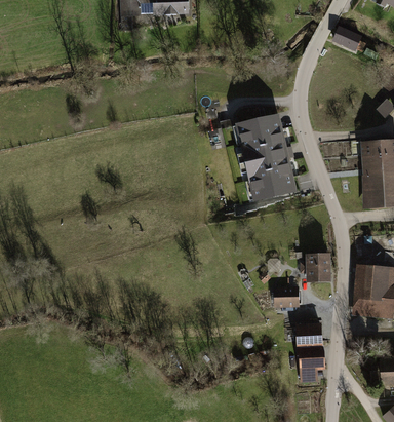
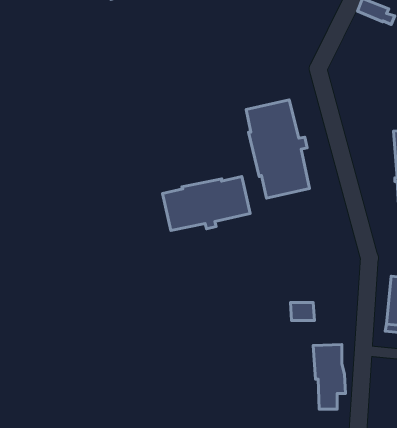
building: none -> [163,176,250,230]
building: [301,251,328,279] -> none

